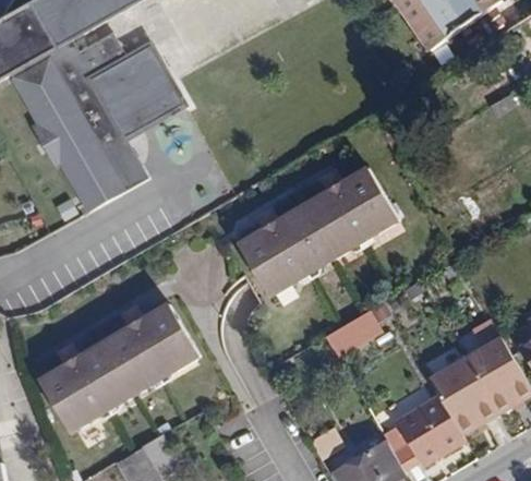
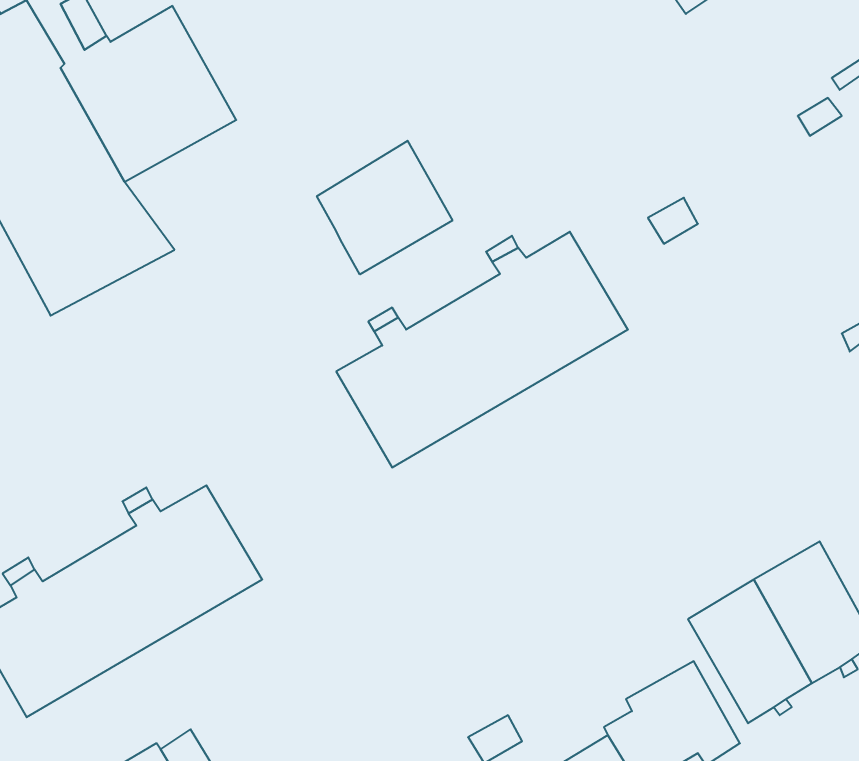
building: none -> [317,141,452,274]
building: [323,309,379,356] -> none

